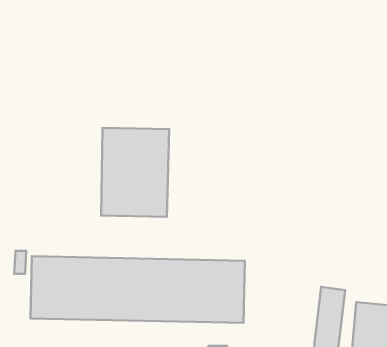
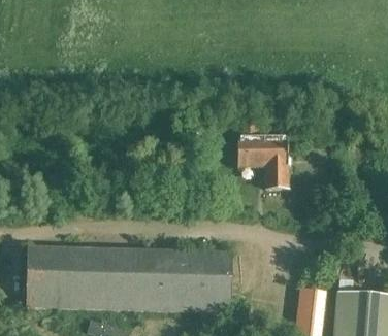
building: none -> [234,120,290,190]
building: [101,128,169,217] -> none

